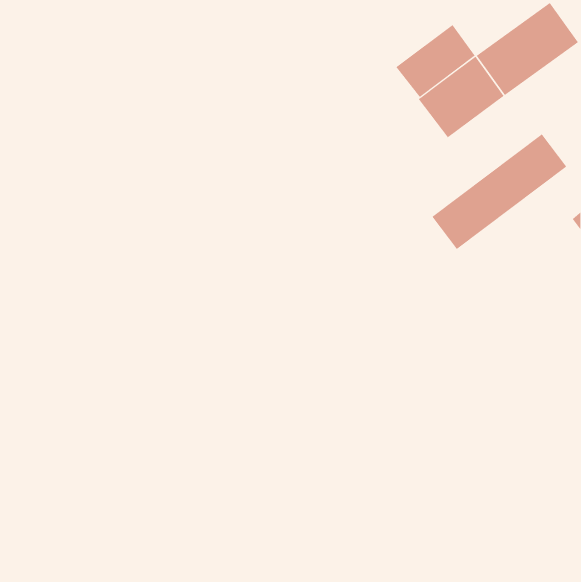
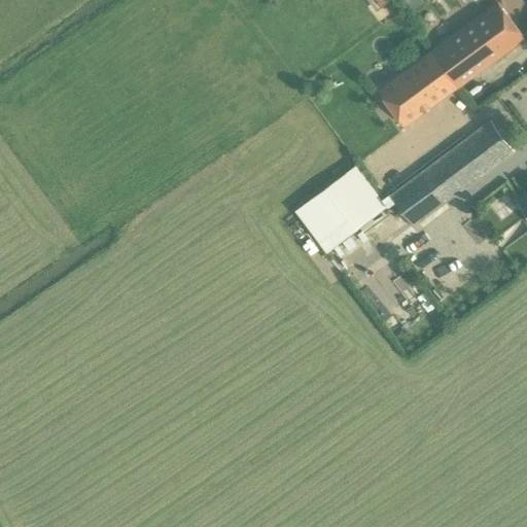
building: [396,24,476,98] -> none
building: none -> [293,165,386,252]

